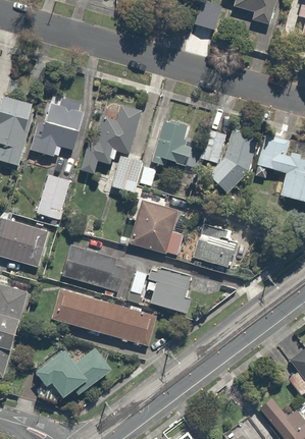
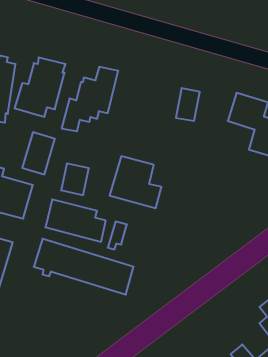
building: [152,118,189,166] -> none
building: [206,139,256,190] -> none
building: [112,159,142,193] -> [61,163,89,195]
building: [193,220,237,267] -> none
building: [147,264,195,315] -> none
building: [31,347,110,402] -> none

